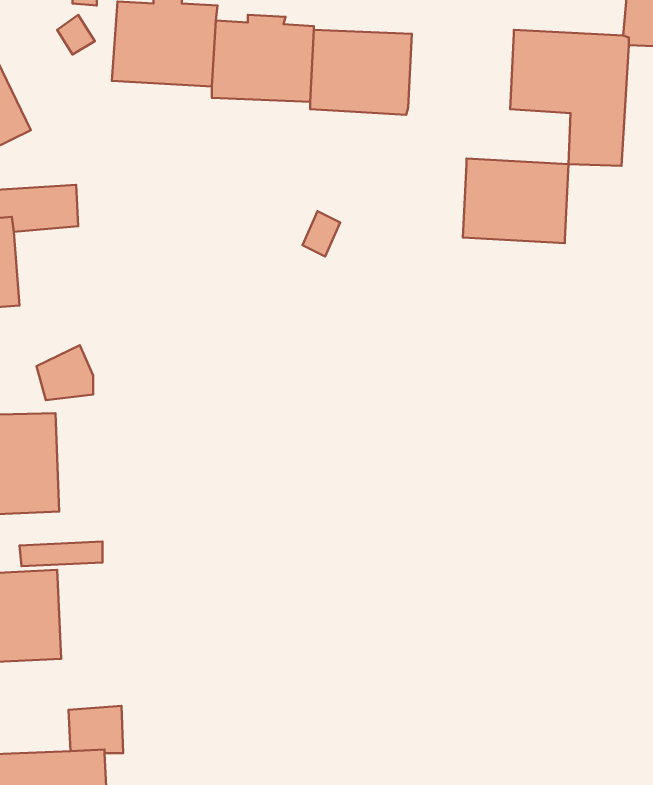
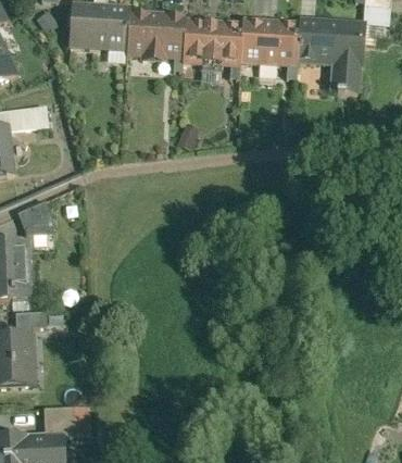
building: [463,158,569,243] -> [238,17,299,66]

